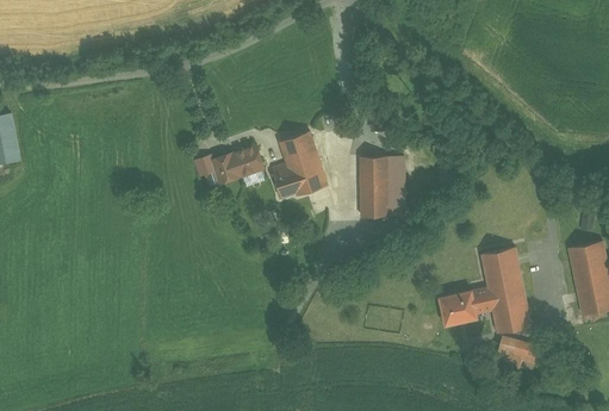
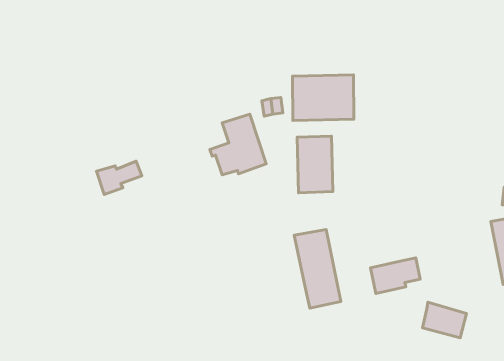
building: none -> [292,75,354,120]
building: [211,149,260,185] -> [96,161,142,195]
building: [480,248,530,332] -> [294,230,341,308]

